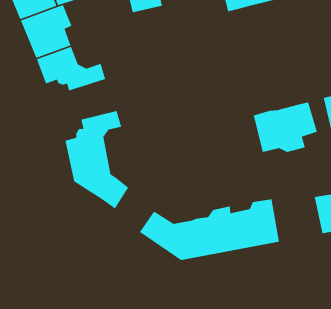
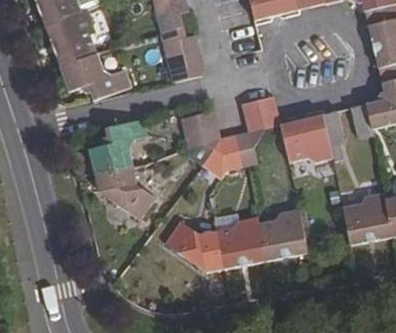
building: none -> [163,34,205,82]
building: none -> [182,95,281,171]

